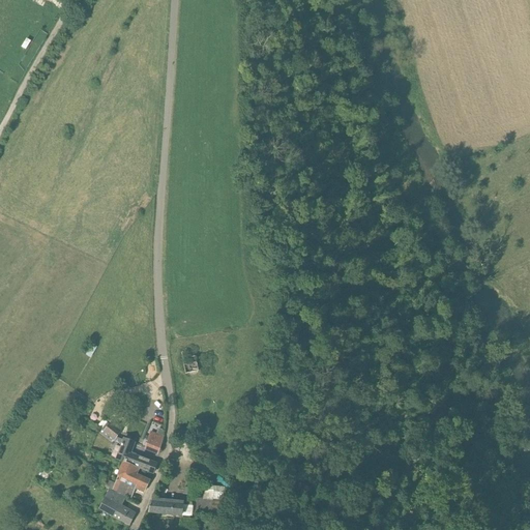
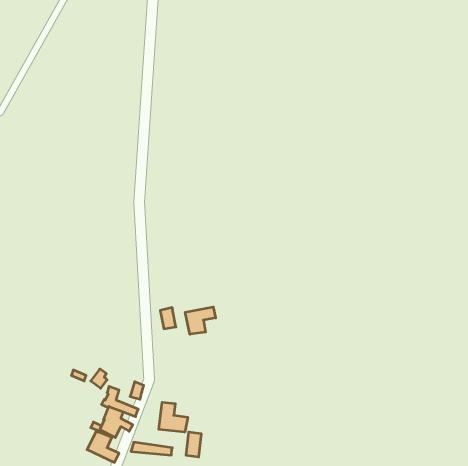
building: none -> [185,307,216,334]
building: none -> [159,402,188,432]

